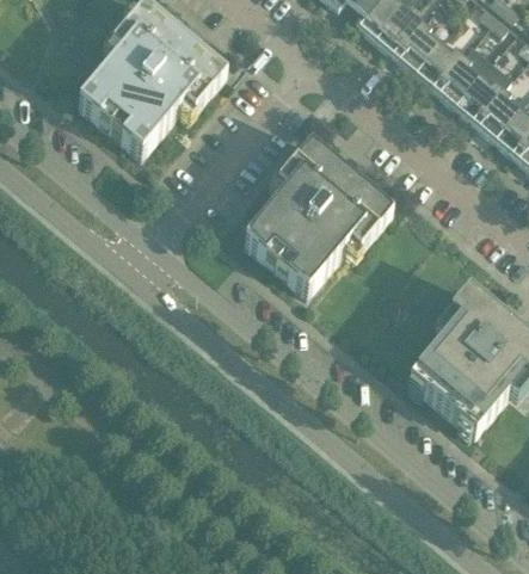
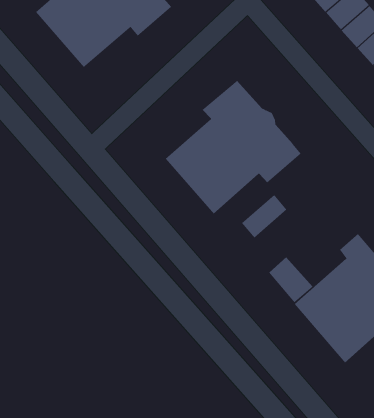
building: none -> [241,194,287,238]
building: none -> [269,256,313,303]

